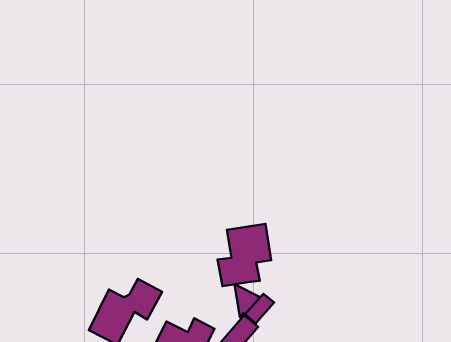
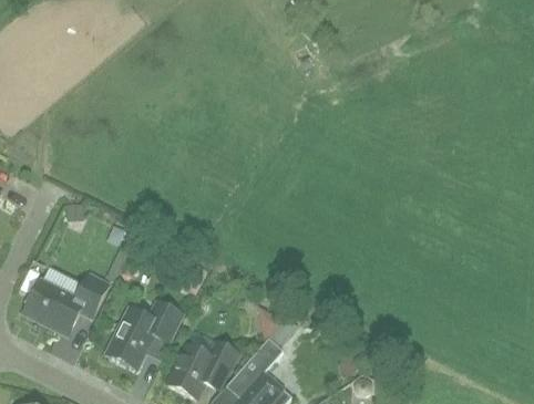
building: [218,224,271,286] -> none
building: none -> [25,273,107,333]

